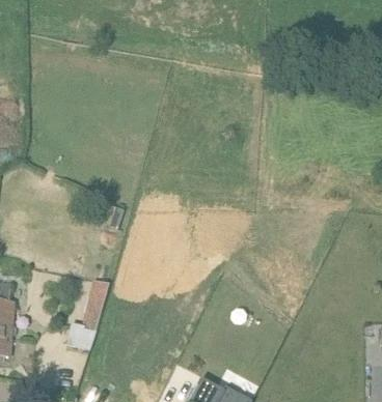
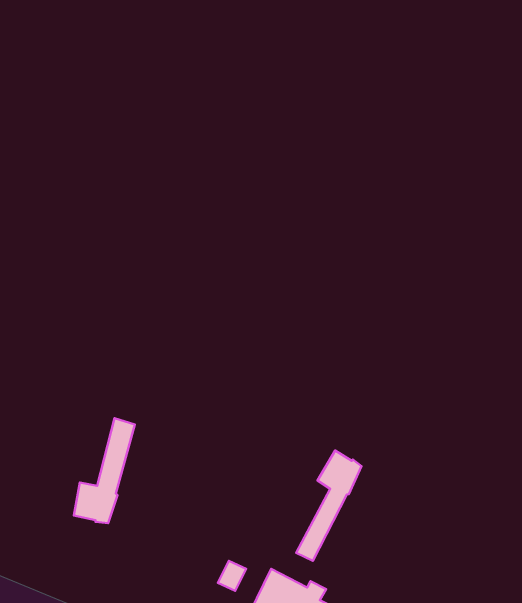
building: none -> [296,451,362,561]

